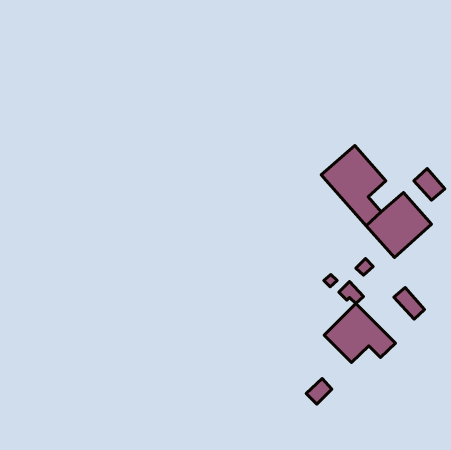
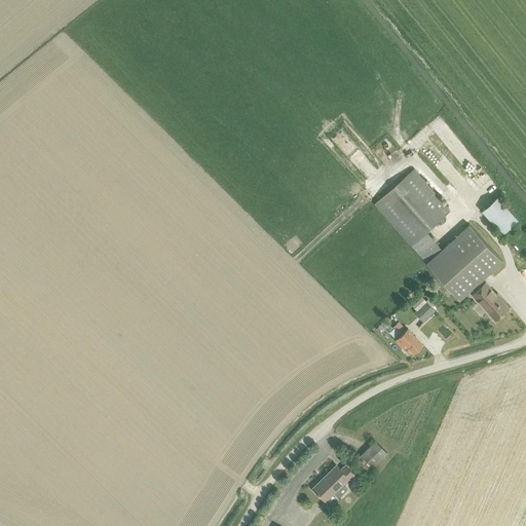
building: [394,287,425,319] -> [472,284,508,321]
building: [324,304,395,363] -> none
building: none -> [312,465,355,502]

